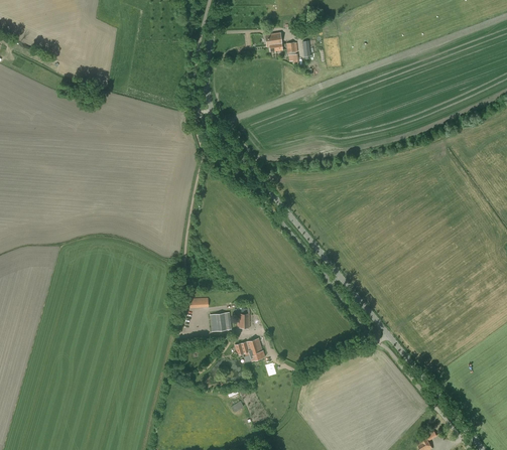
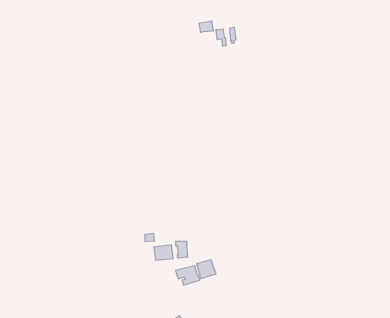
building: none -> [197,260,216,279]

